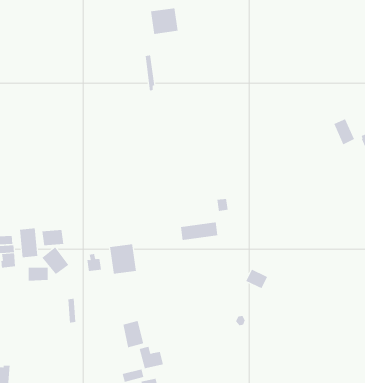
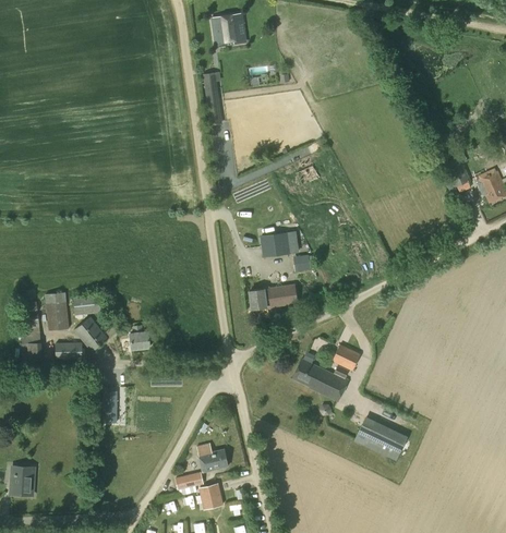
building: none -> [260,232,289,256]
building: [110,243,137,274] -> none
building: none -> [292,359,348,400]
building: [123,320,144,348] -> none
building: none -> [353,417,406,459]

